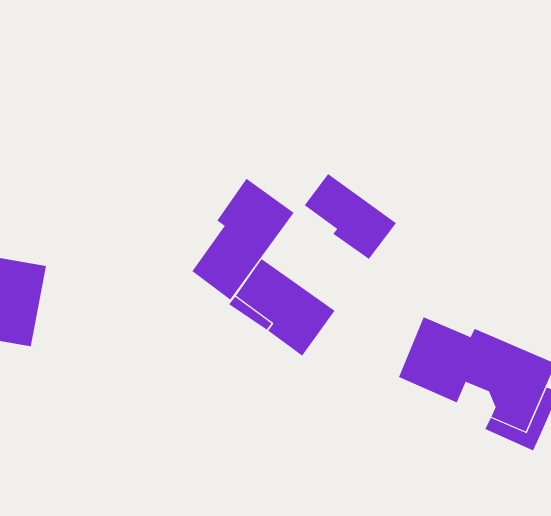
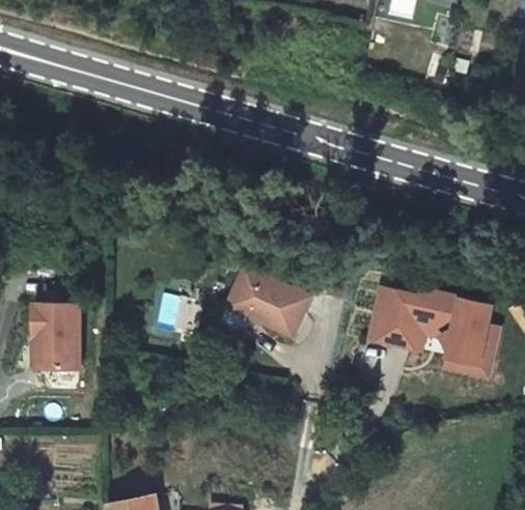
building: [304,173,397,260] -> none
building: [192,178,295,300] -> none

